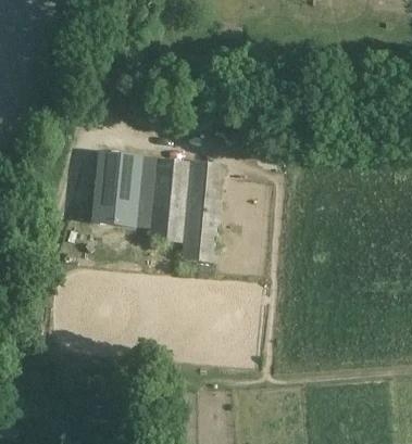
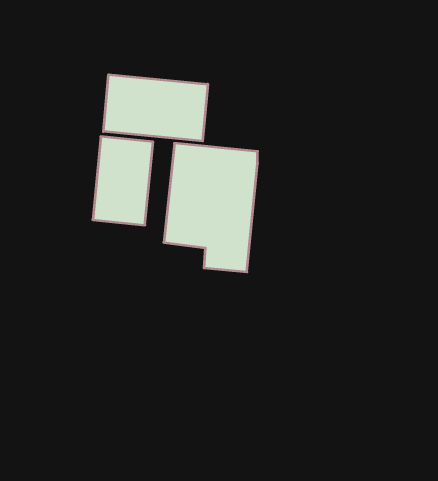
building: none -> [103,75,208,141]

